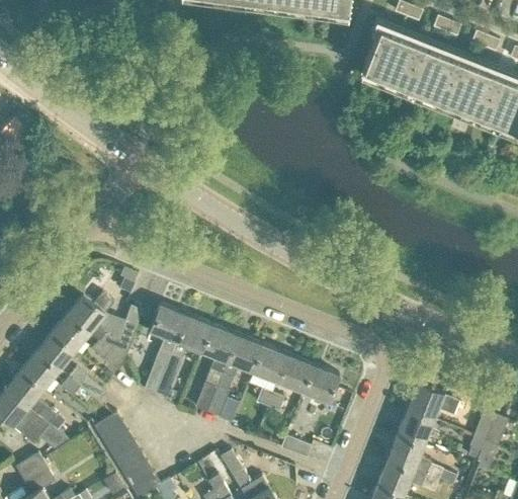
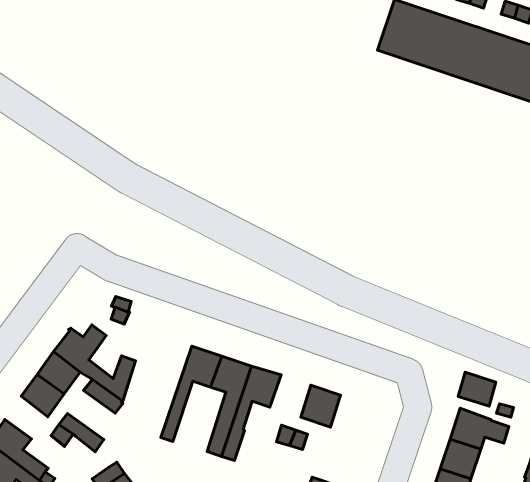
building: [144,305,187,394] -> none
building: [252,345,288,383] -> none
building: [21,351,59,389] -> none
building: none -> [458,372,496,406]
building: [304,365,338,402] -> none

